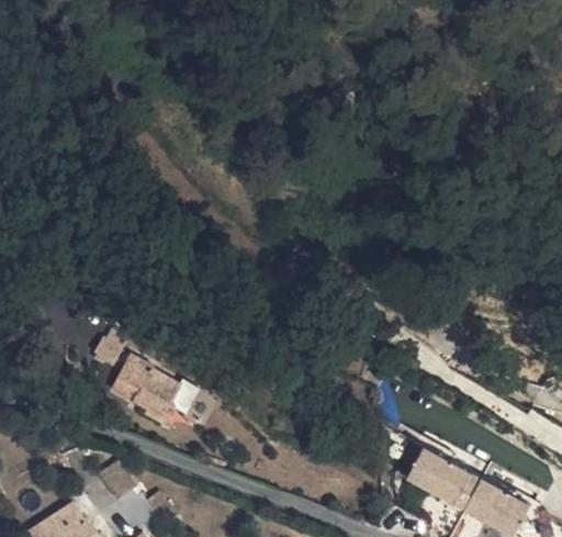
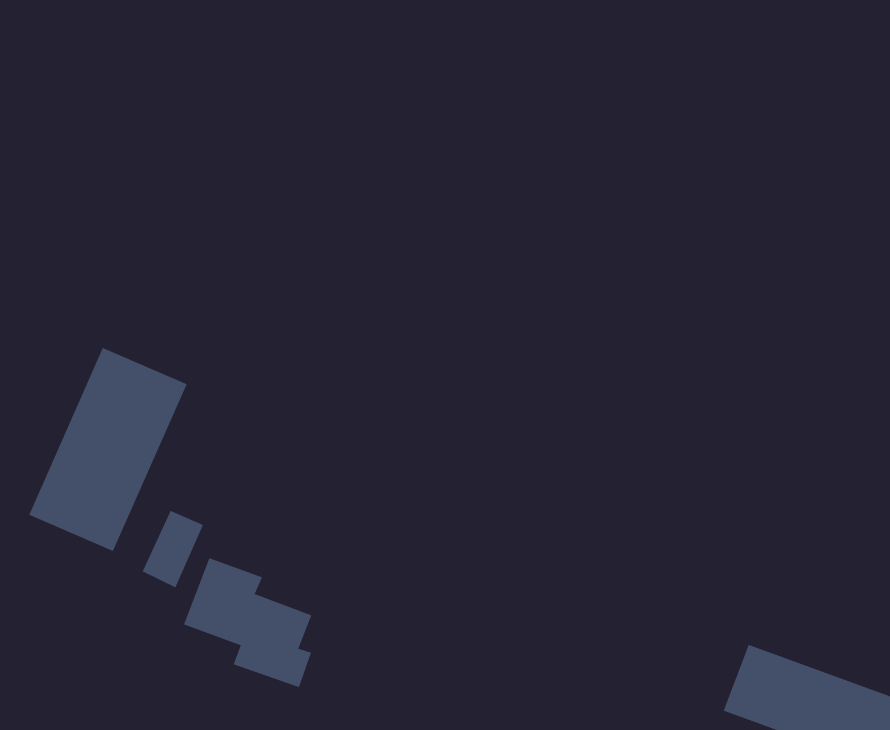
building: none -> [28,347,187,552]

